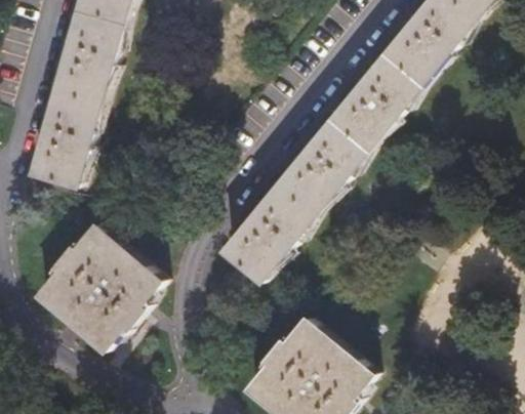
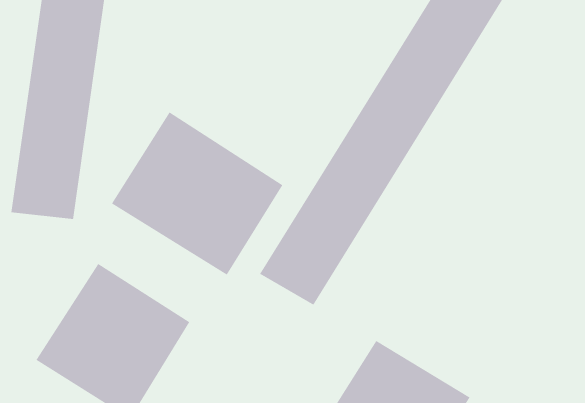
building: none -> [111,111,283,275]

